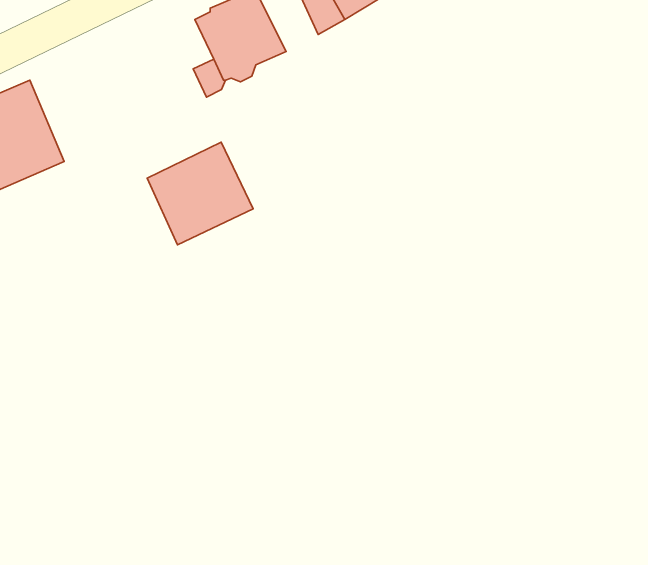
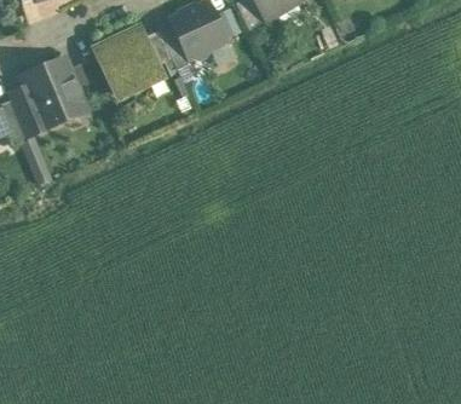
building: [147,142,253,245] -> [94,28,162,93]

